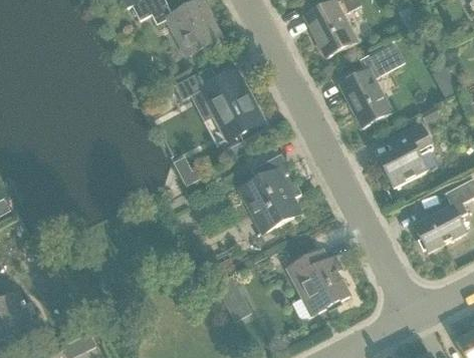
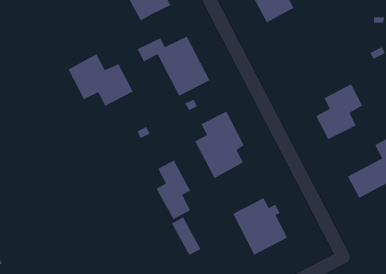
building: [339,42,402,126] -> none
building: none -> [67,53,134,107]
building: none -> [155,159,191,220]

